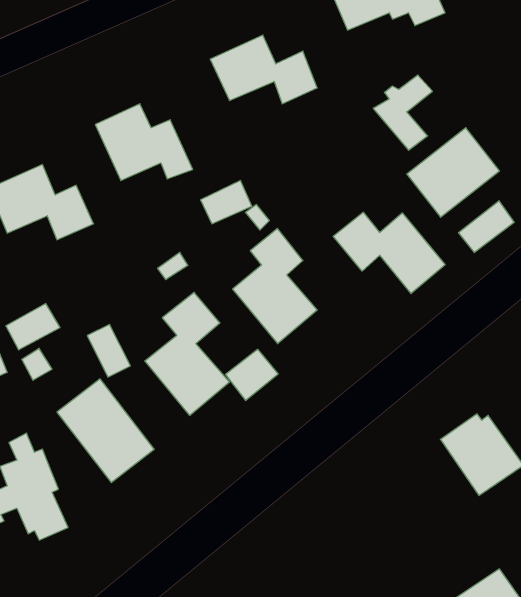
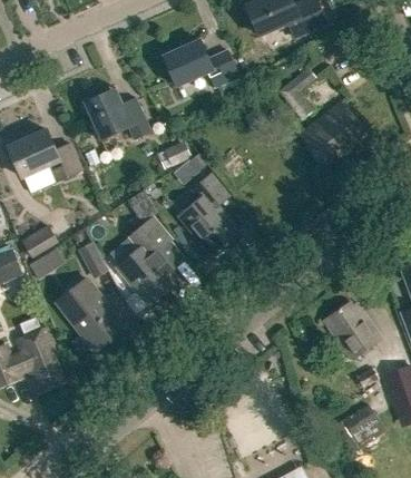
building: [459,201,514,253] -> none
building: [333,212,445,294] -> none
building: [226,349,278,401] -> none

